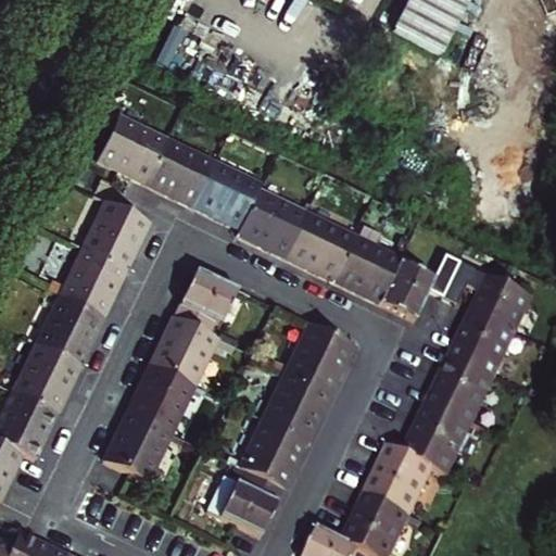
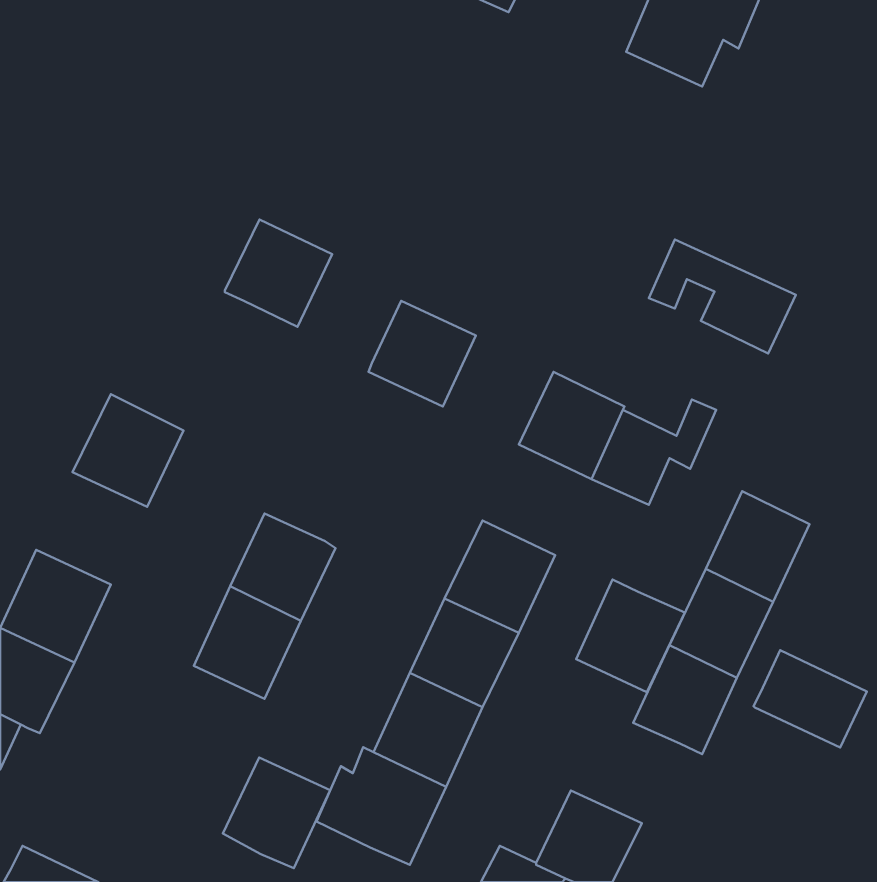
building: [101,116,167,182] -> none
building: [191,160,258,228] -> none
building: [74,199,142,270] -> none
building: [282,211,352,279] -> none
building: [438,257,530,329] -> [649,239,796,354]
building: [170,274,237,340] -> none
building: [27,296,97,367] -> none
building: none -> [754,650,867,747]
building: [103,418,170,488] -> [223,757,330,868]
building: [363,446,431,517] -> [576,580,685,692]

